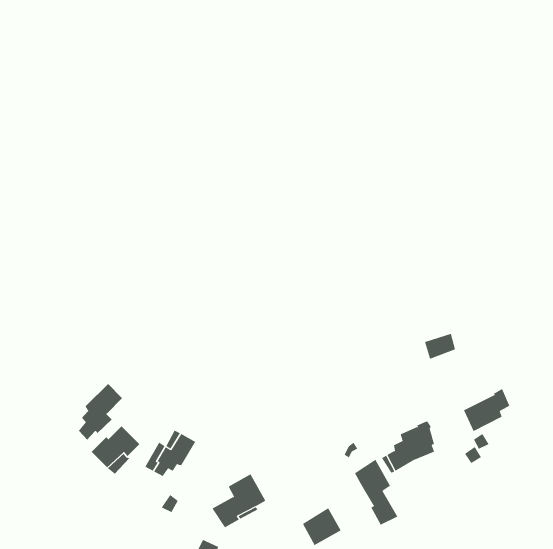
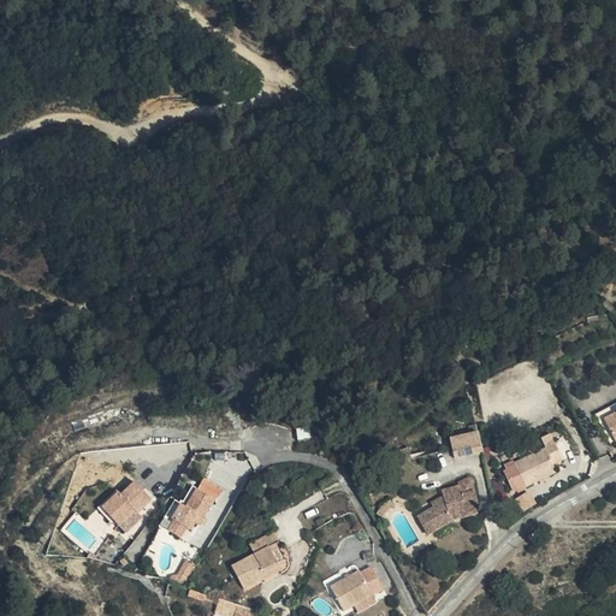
building: [424,333,456,359] -> [442,428,476,457]
building: [78,383,123,440] -> none
building: [354,459,398,525] -> none

